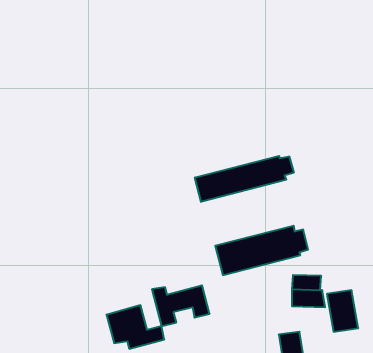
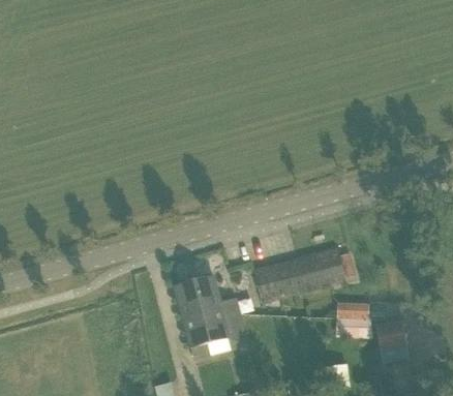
building: [195,156,294,202] -> none
building: [106,305,164,349] -> [176,275,239,323]

